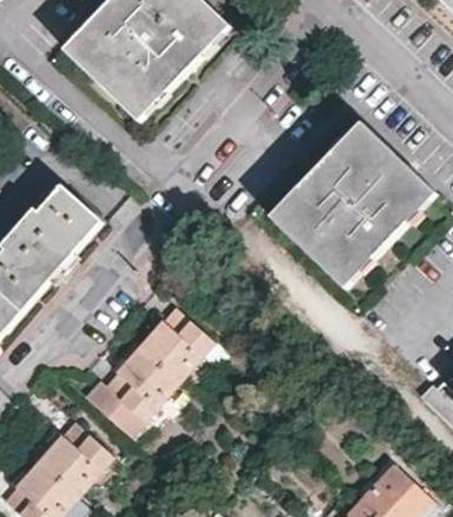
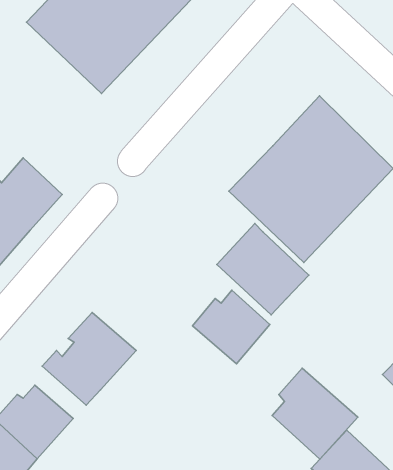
building: none -> [217,224,309,315]
building: [132,303,209,377] -> [193,290,270,364]
building: none -> [272,368,358,459]

